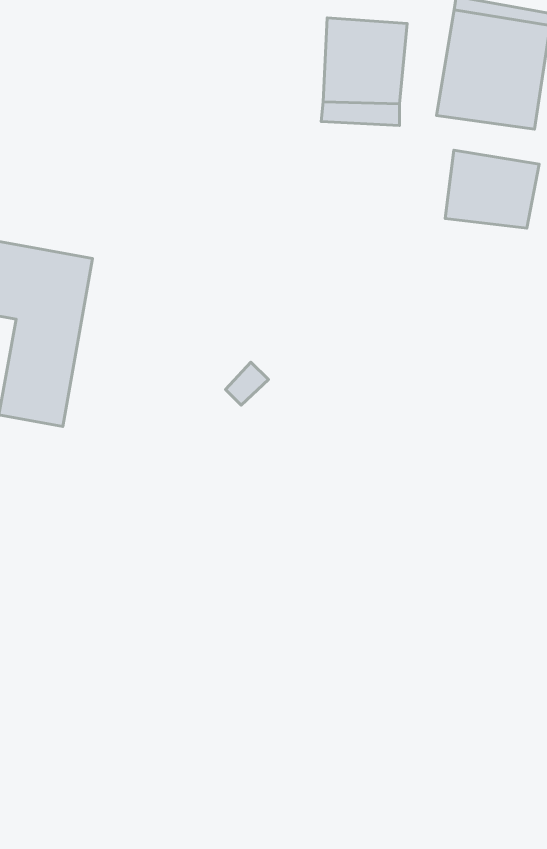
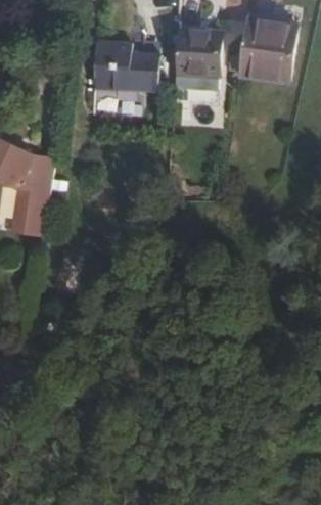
building: none -> [93,46,156,92]
building: [445,150,539,228] -> none

